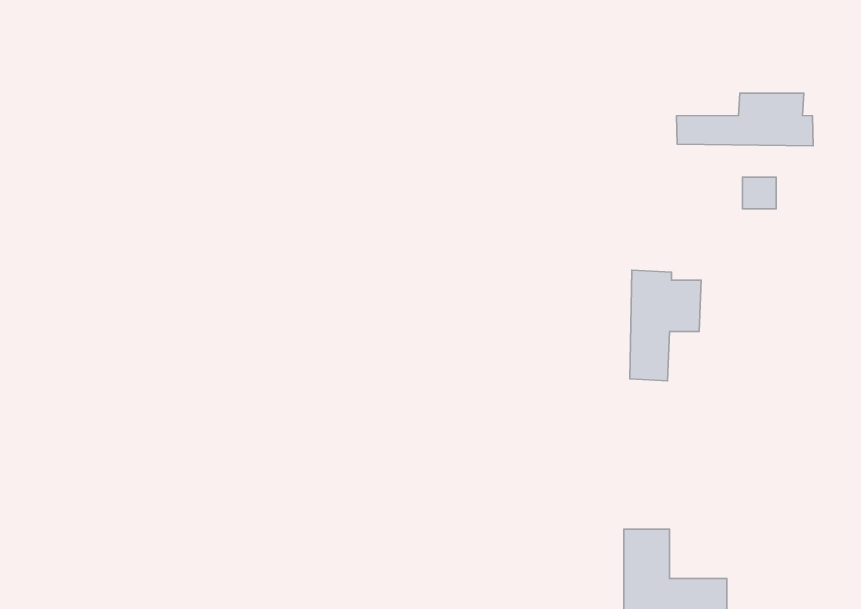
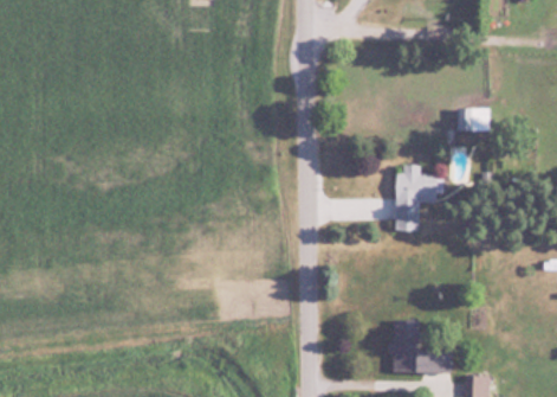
building: [677,93,813,146] -> none

